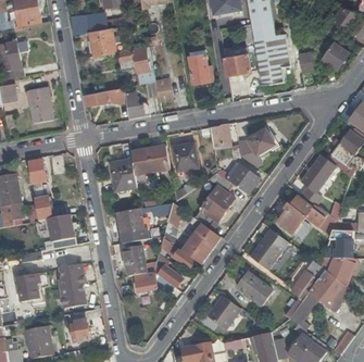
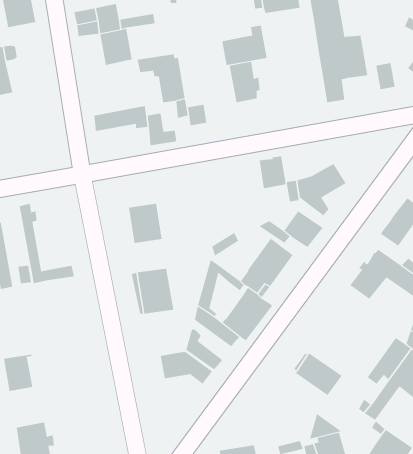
building: [224,45,259,75] -> [221,25,267,66]
building: [28,87,53,123] -> none
building: [173,142,197,170] -> none
building: [131,146,171,174] -> none
building: [49,215,76,248] -> none
building: [250,229,288,270] -> none
building: [124,247,147,276] -> none
building: [58,264,89,310] -> none
building: [206,296,241,327] -> none
building: [68,312,90,341] -> none

